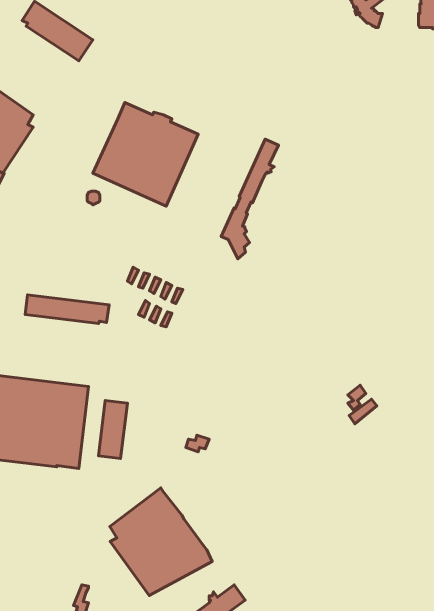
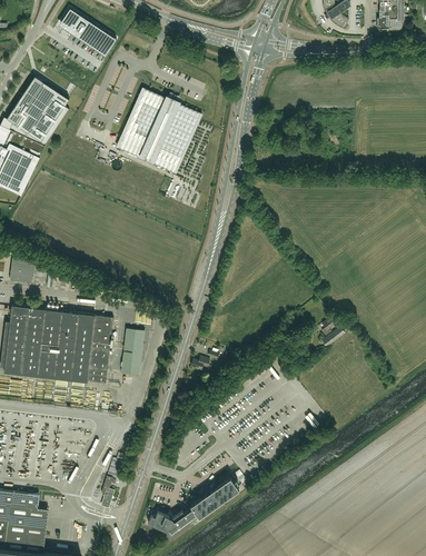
building: [221,139,278,259] -> none
building: [25,295,109,324] -> none
building: [110,488,212,596] -> none

